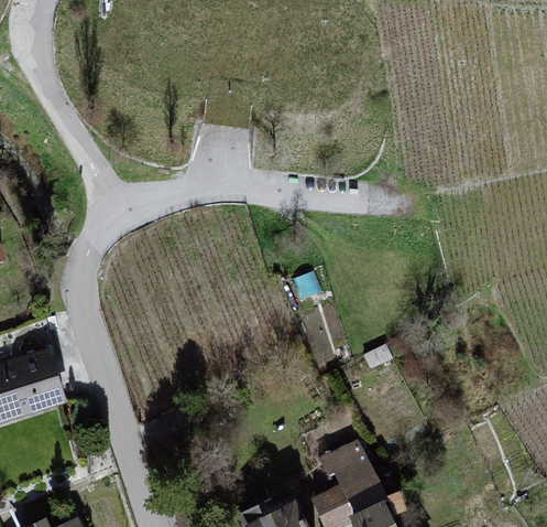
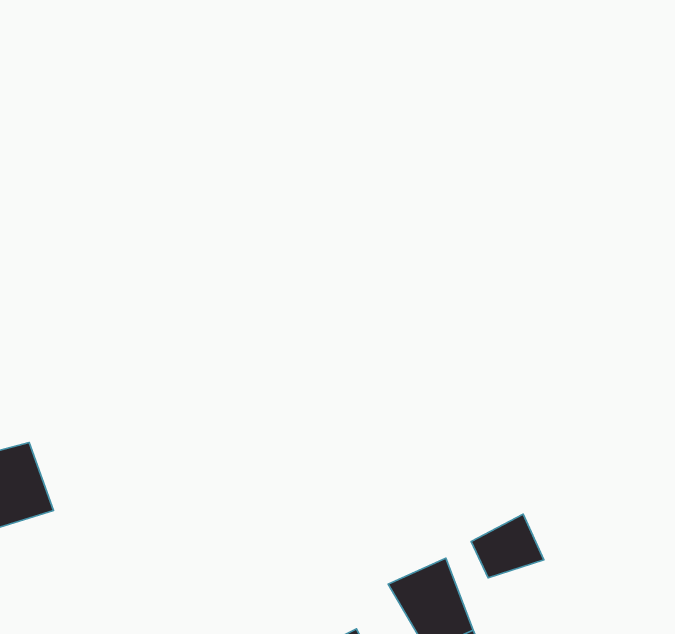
building: none -> [471,514,544,578]

